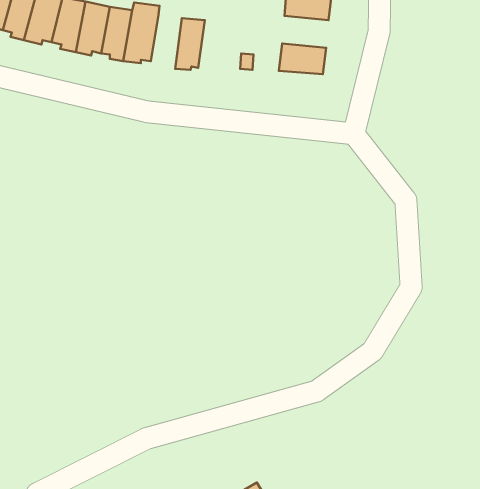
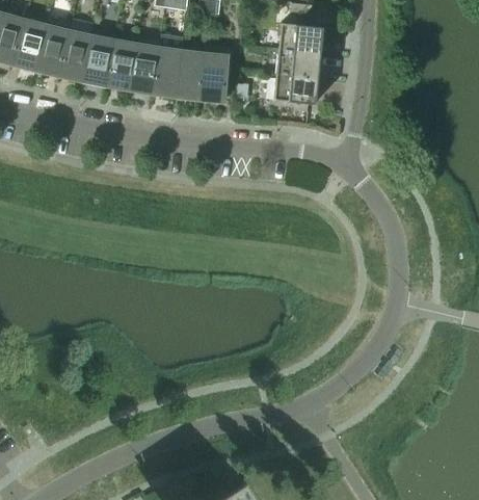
building: none -> [196,45,234,99]
building: none -> [152,47,181,98]
building: none -> [275,48,319,78]

